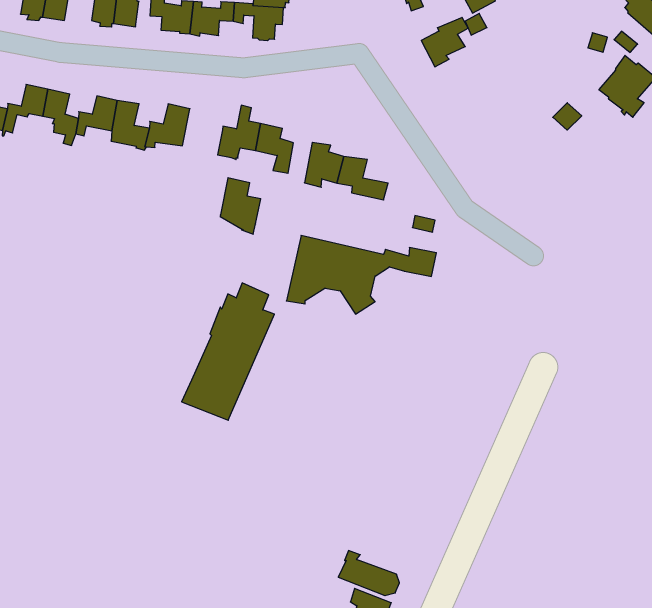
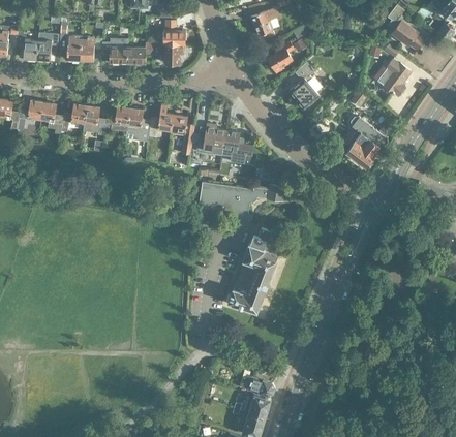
building: none -> [288,62,321,107]
building: none -> [346,116,387,165]
building: [220,178,261,234] -> [126,108,150,142]
building: [182,283,274,420] -> [229,228,281,312]

